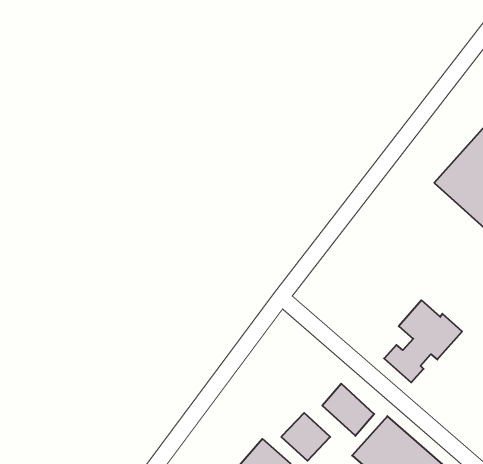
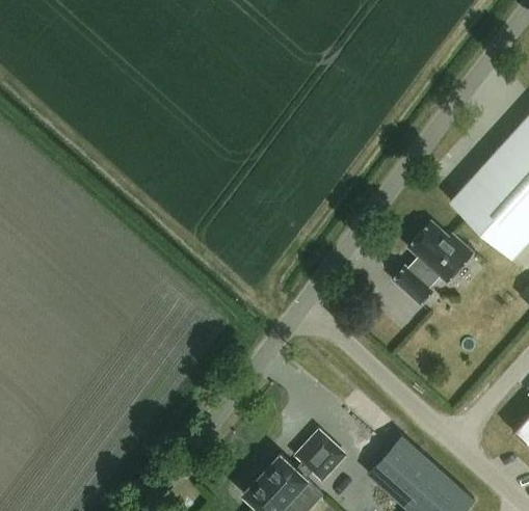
building: [384,300,462,382] -> [393,232,471,314]
building: [322,384,374,436] -> none

